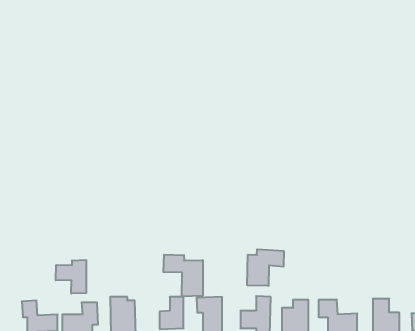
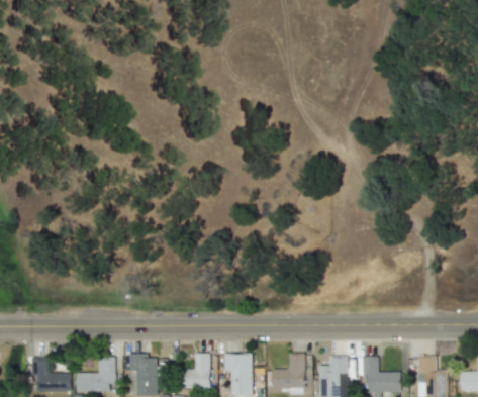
building: [247,249,284,286] -> none
building: [163,255,203,296] -> none
building: [56,260,86,294] -> none

